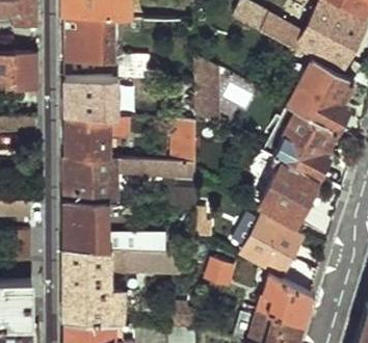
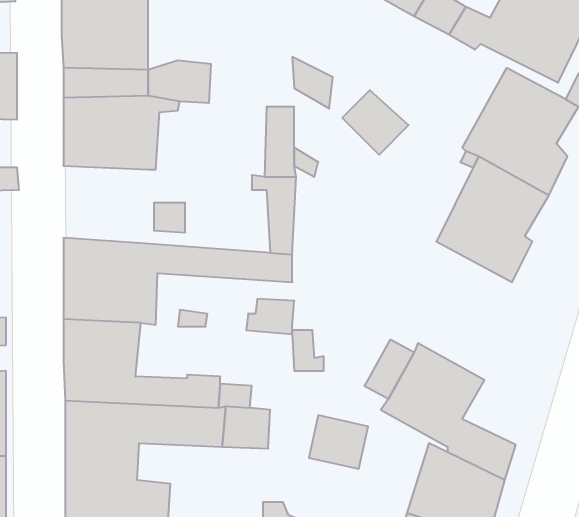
building: [63,116,111,160] -> none
building: [258,159,316,225] -> none

